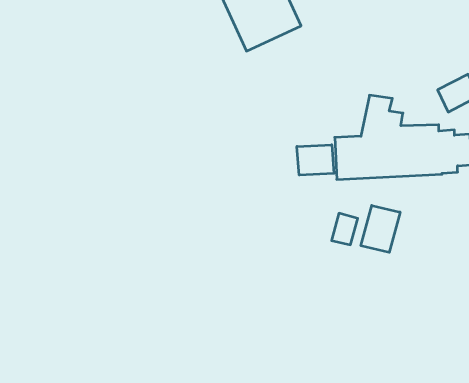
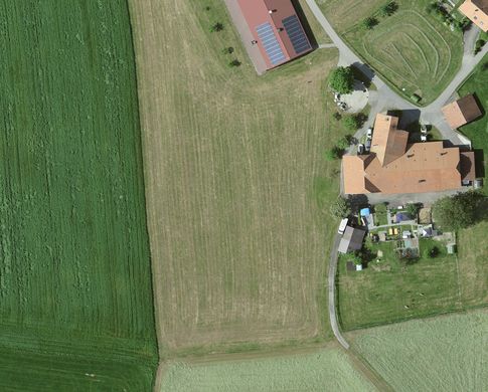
building: [297,145,334,175] -> none
building: [361,205,400,252] -> none

